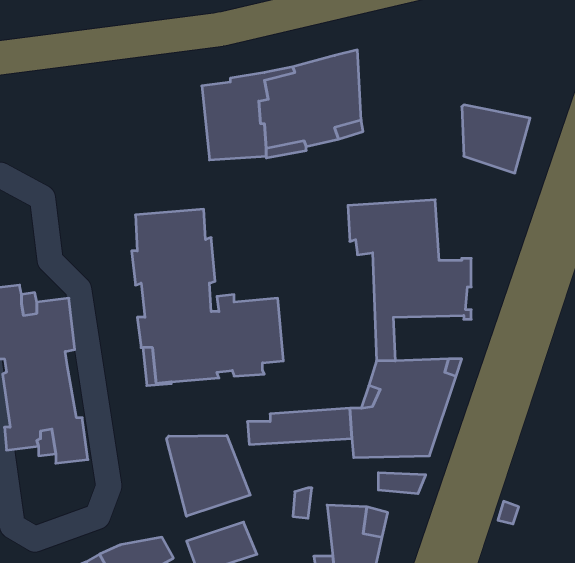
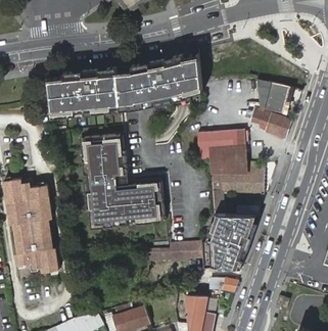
building: none -> [48,69,122,117]
building: none -> [250,110,291,140]
building: [167,435,250,516] -> none

